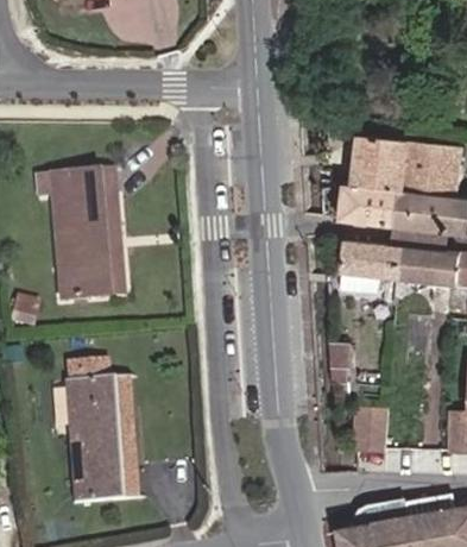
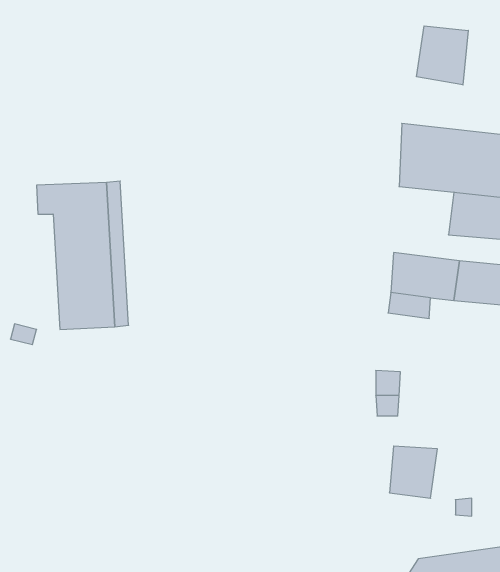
building: none -> [417,26,468,85]
building: [337,183,400,226] -> none
building: [59,359,140,498] -> none

